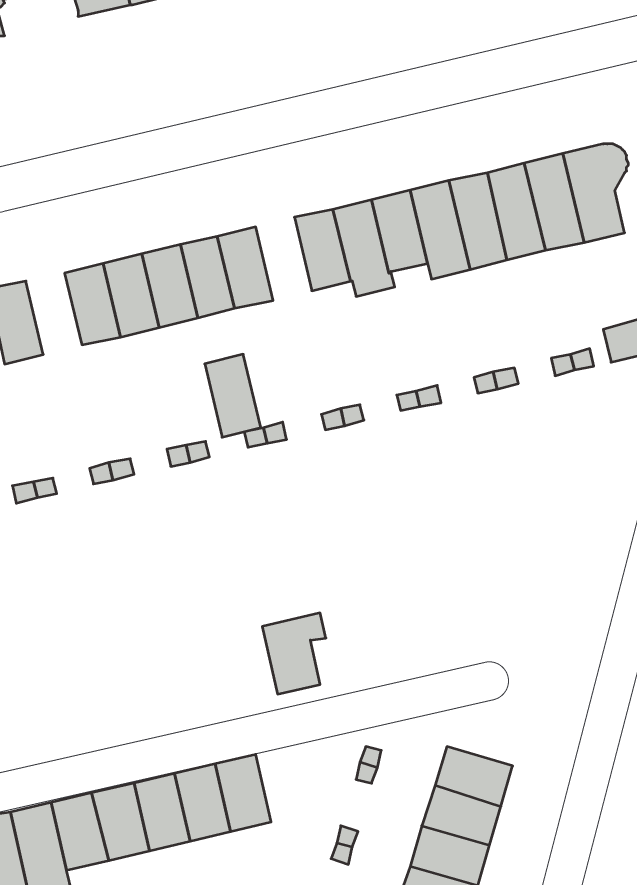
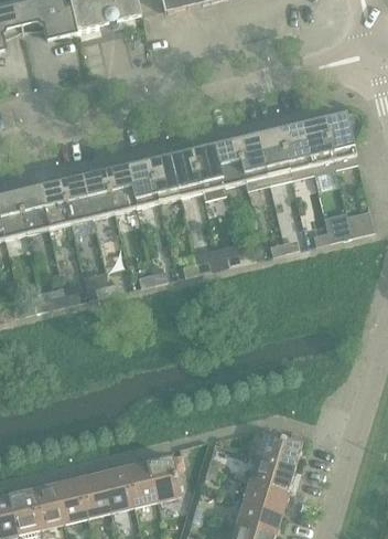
building: none -> [15,186,47,232]
building: [205,354,261,437] -> [147,154,179,201]
building: [262,613,326,694] -> [147,453,183,499]
building: none -> [256,431,303,467]

